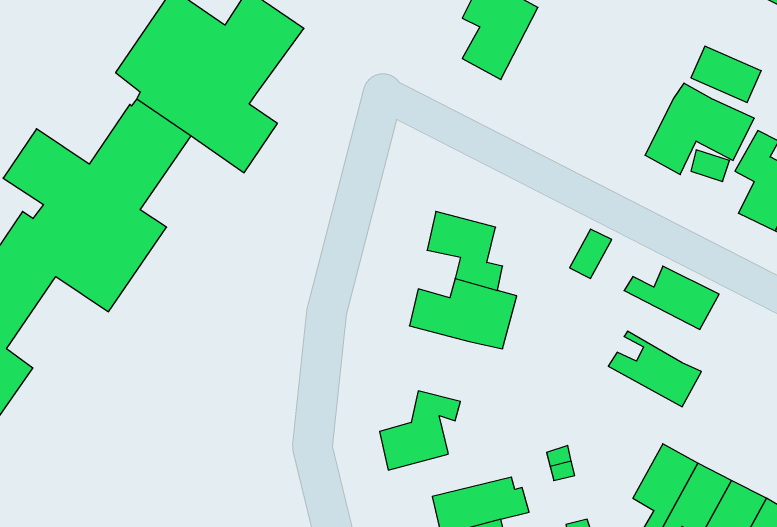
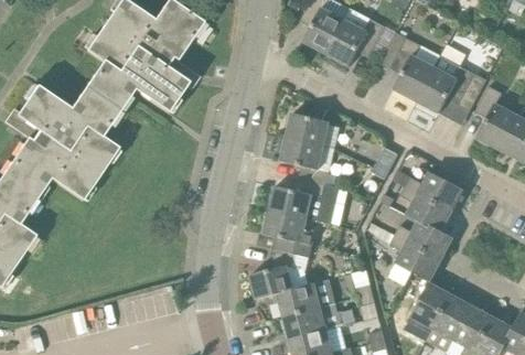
building: none -> [328,9,385,65]
building: none -> [390,37,436,101]
building: none -> [287,112,330,147]
building: none -> [400,186,452,232]
building: none -> [265,208,311,257]
building: none -> [390,234,441,281]
building: none -> [257,279,334,315]

